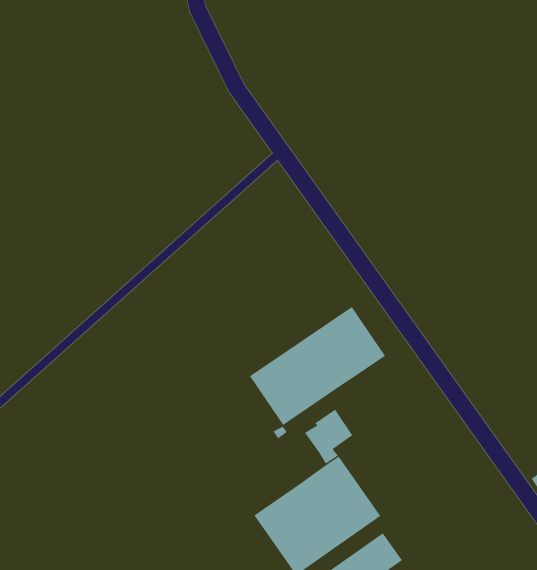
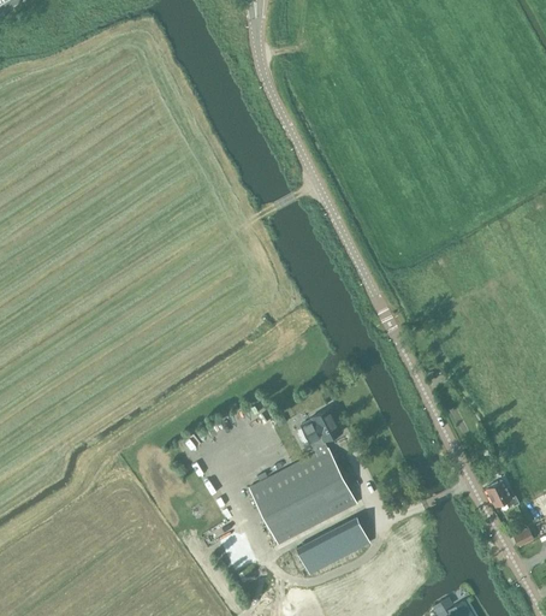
building: [249,306,386,426] -> none

